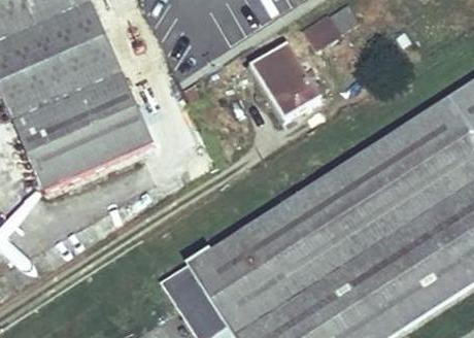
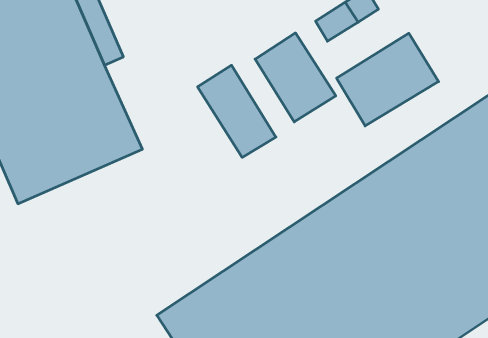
building: none -> [337,33,439,126]
building: none -> [198,65,276,157]

